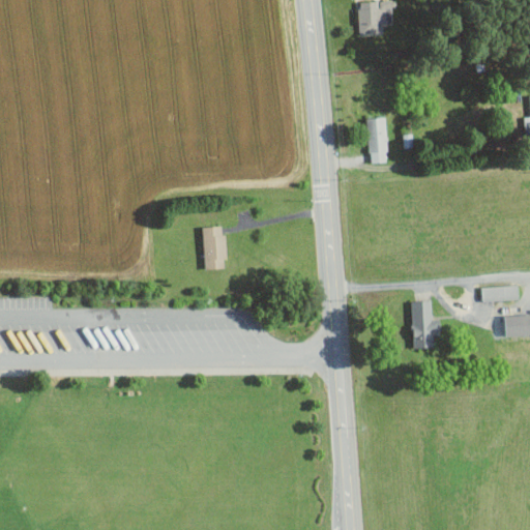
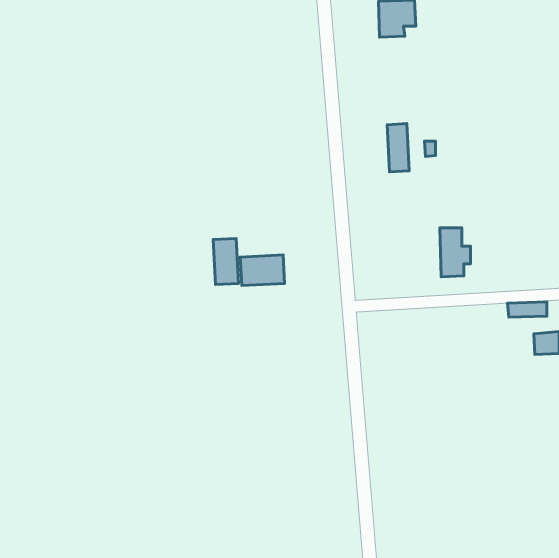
building: none -> [240,255,285,286]
building: [411,302,440,349] -> [440,228,471,277]

